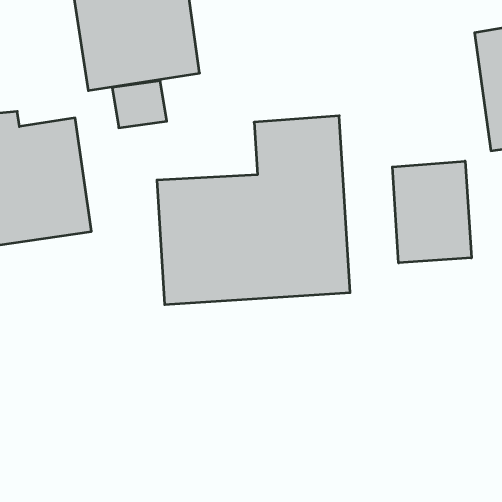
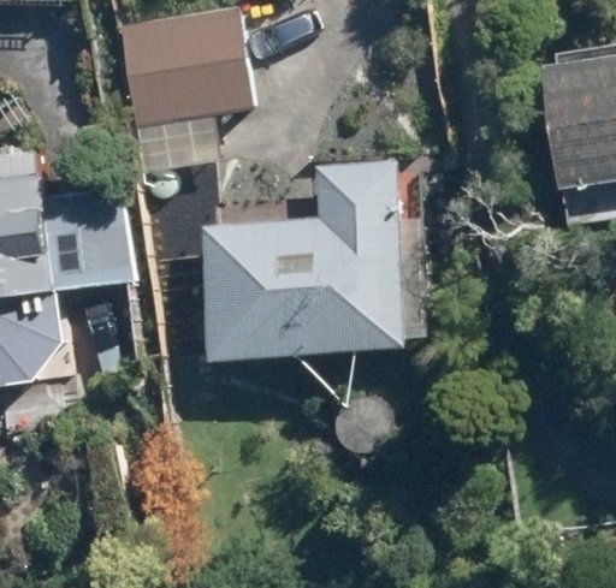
building: [392,161,471,263] -> none

